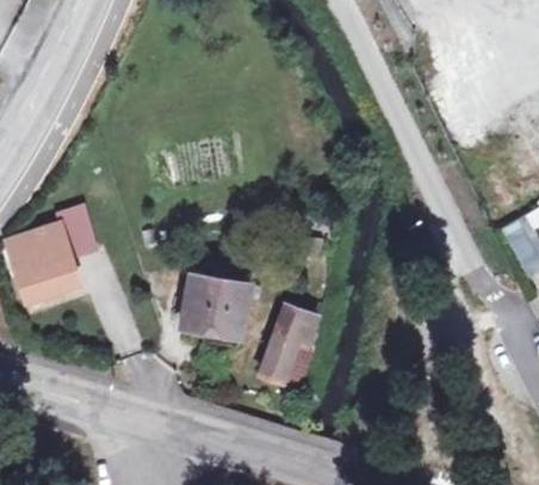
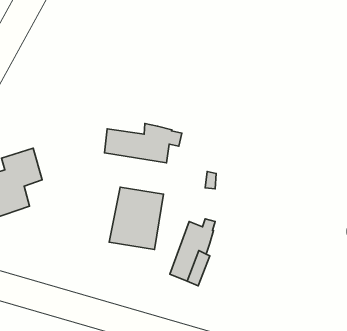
building: none -> [104,124,182,163]

